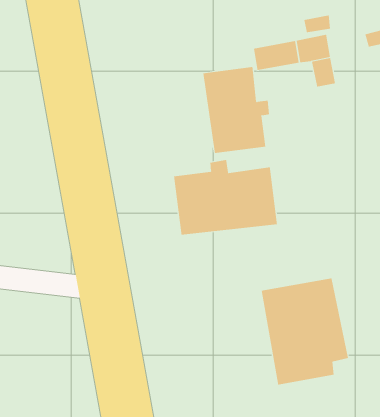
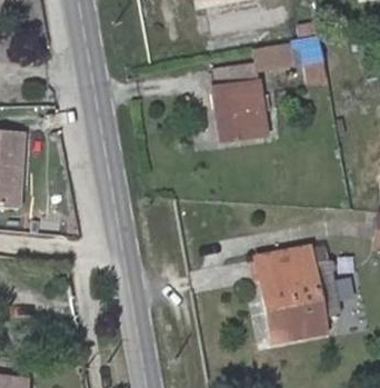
building: [173,159,278,236] -> none

